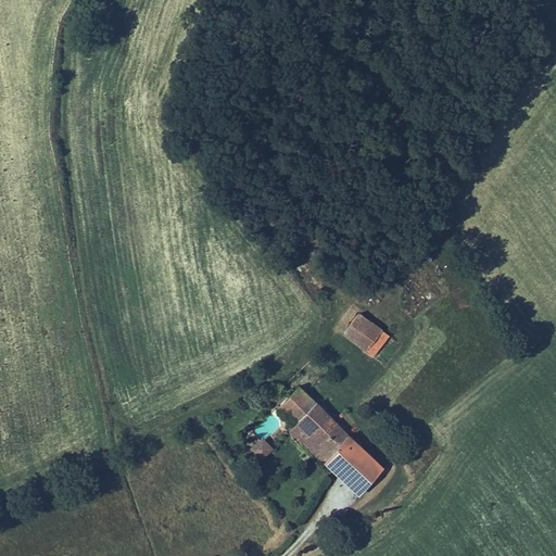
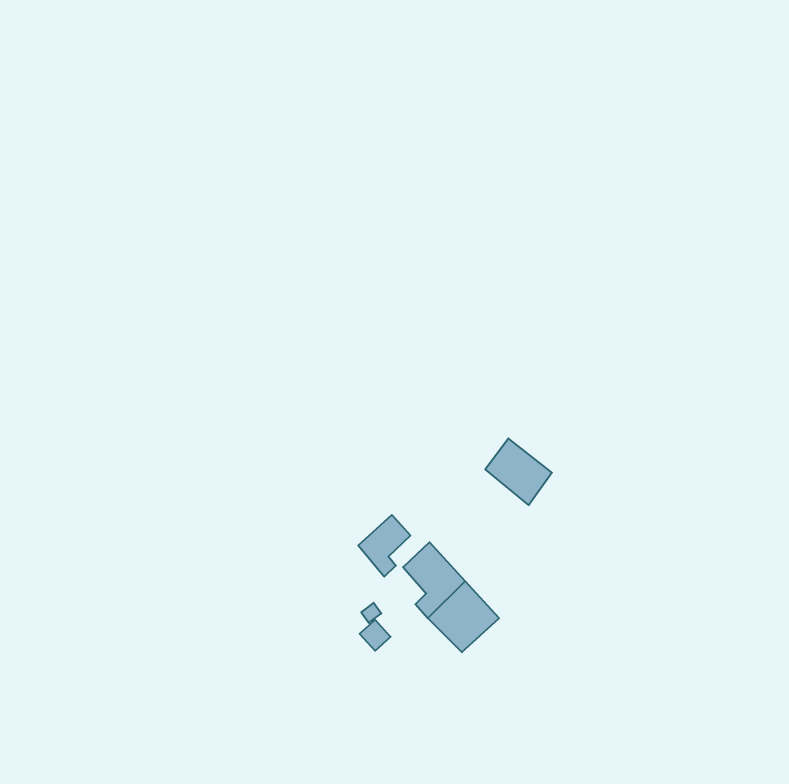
building: none -> [358,515,410,577]
building: [326,439,383,496] -> none

